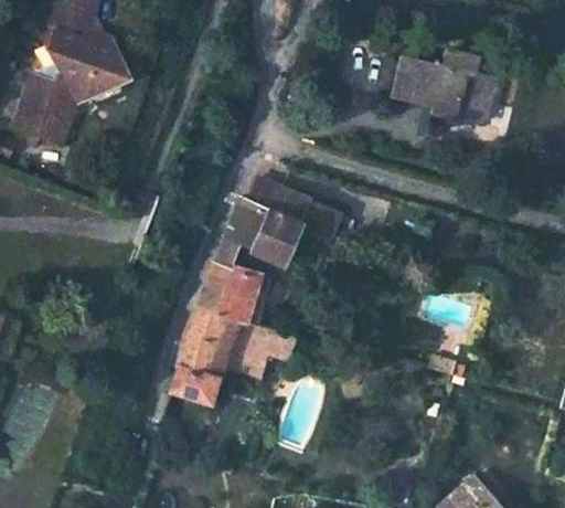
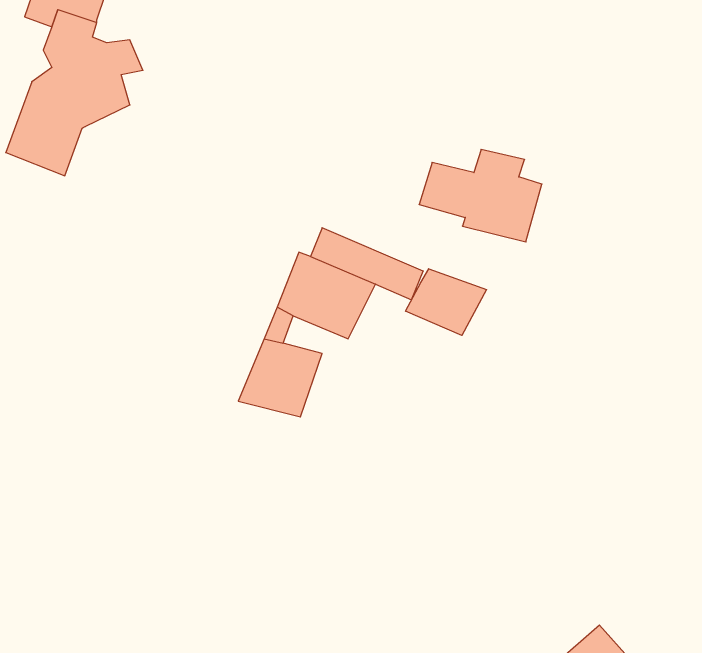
building: [401,52,494,123] -> [419,149,542,242]
building: none -> [406,269,487,335]
building: [169,313,294,409] -> none

